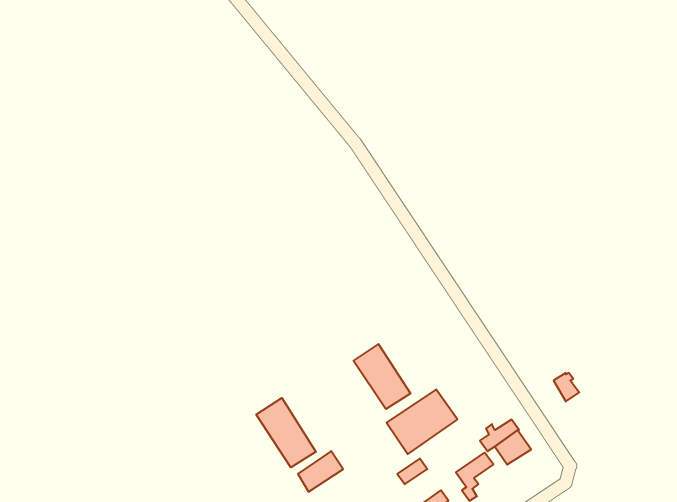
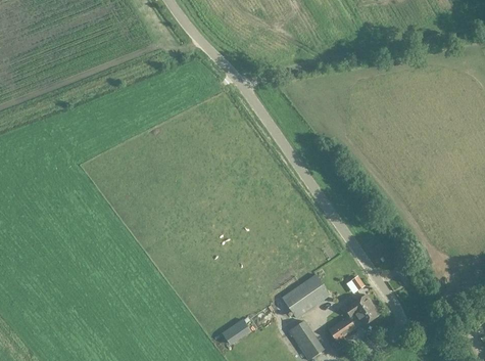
building: [354,344,410,409] -> none
building: [256,398,316,467] -> none

